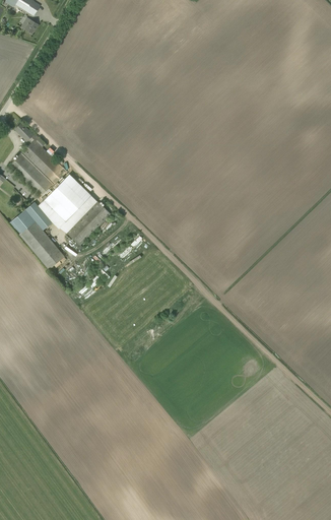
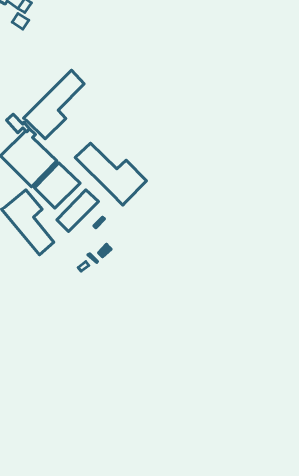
building: none -> [23,70,84,139]
building: none -> [75,143,146,205]

